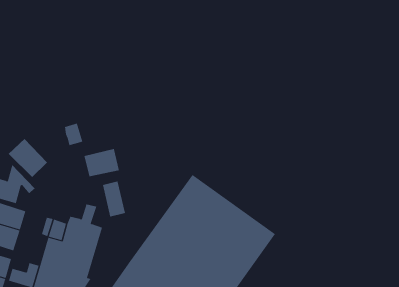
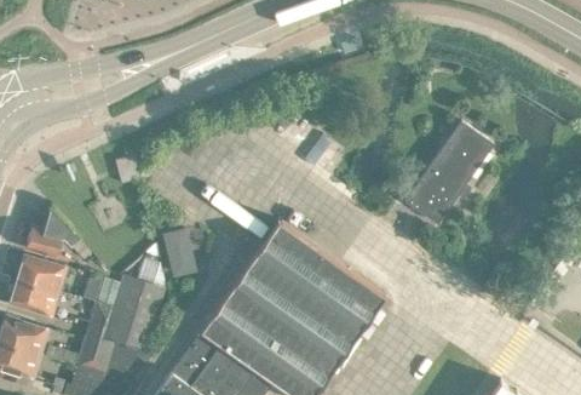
building: none -> [404,124,493,227]
building: [8,138,48,178] -> none
building: [84,148,119,177] -> none

